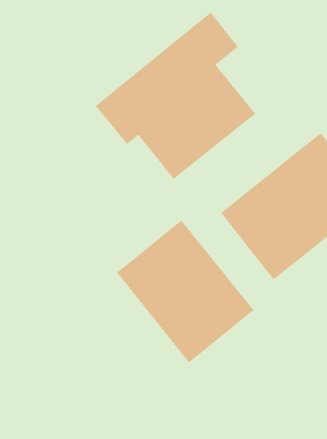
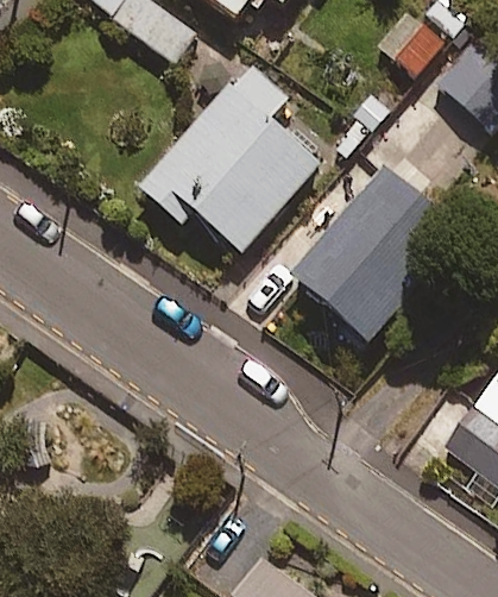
building: [116,219,254,364] -> none

